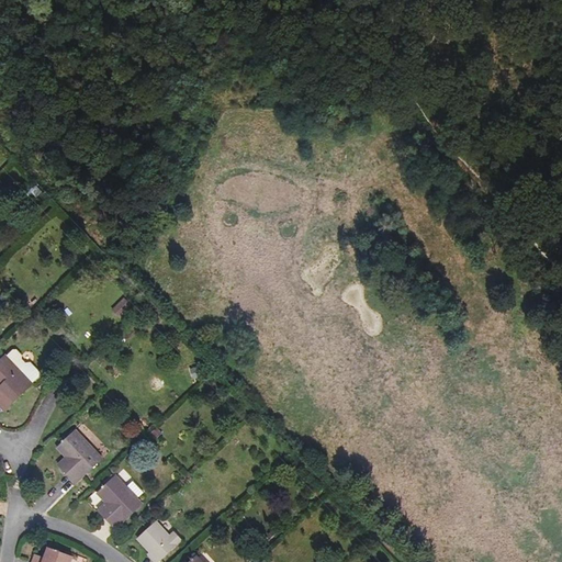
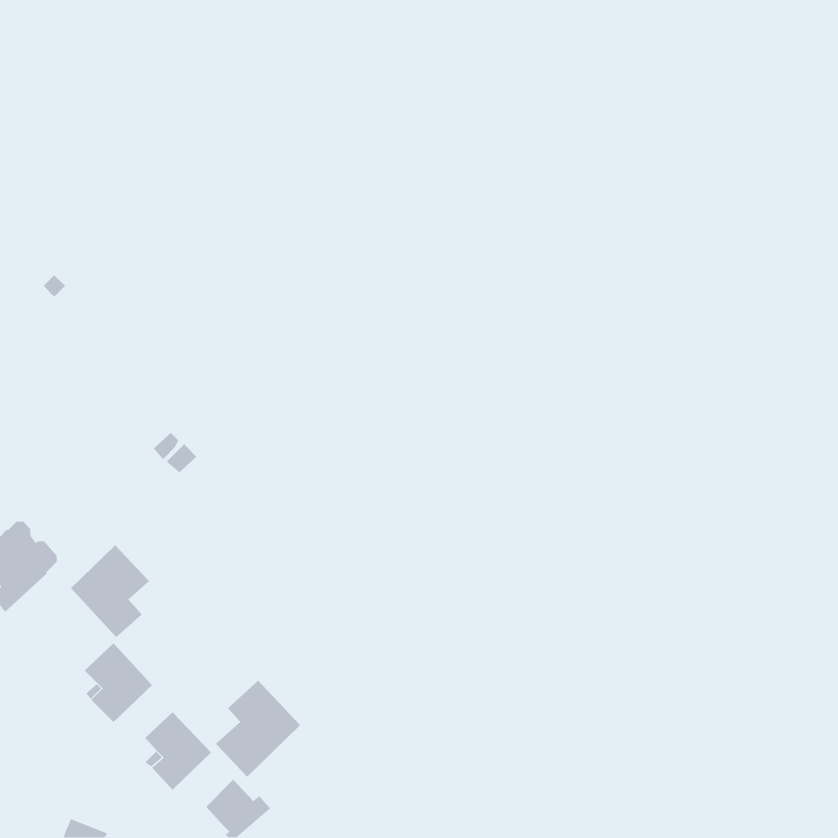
building: none -> [70,545,150,638]
building: none -> [215,680,301,777]

